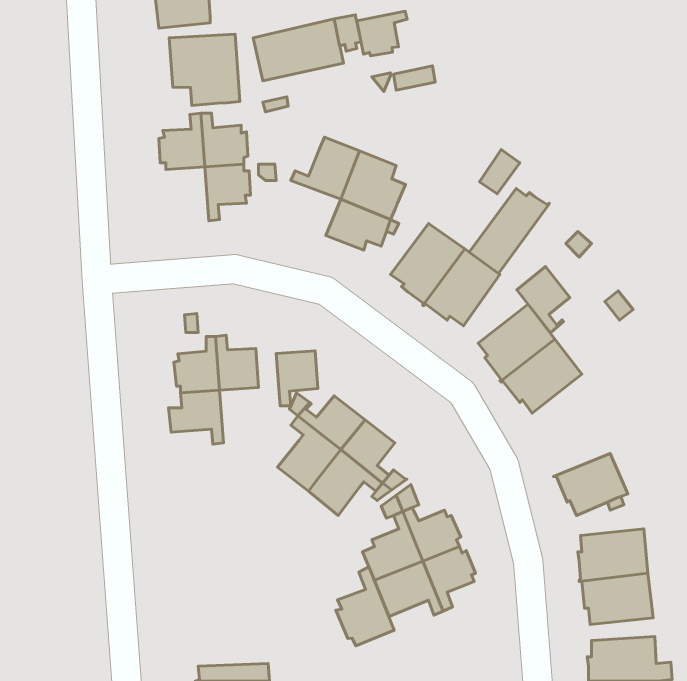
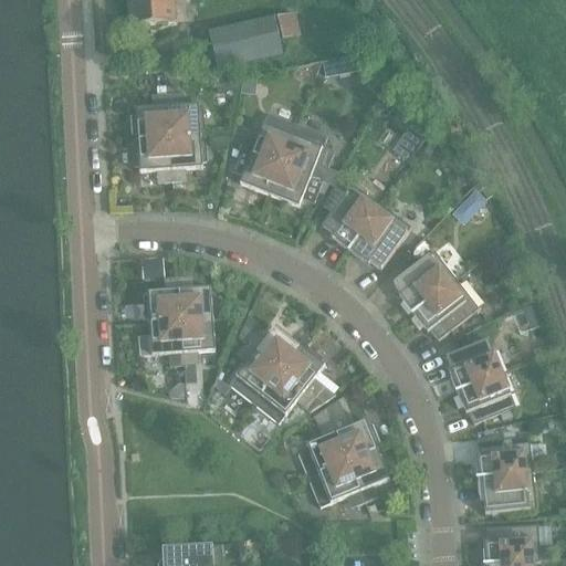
building: [357,11,407,56] -> none
building: [169,34,240,106] -> none
building: none -> [133,137,171,181]
building: none -> [230,148,280,193]
building: [469,189,549,273] -> none
building: [517,267,570,333] -> none
building: [276,351,318,406] -> [180,318,214,364]
building: none -> [446,338,501,391]
building: [336,567,394,646] -> none

